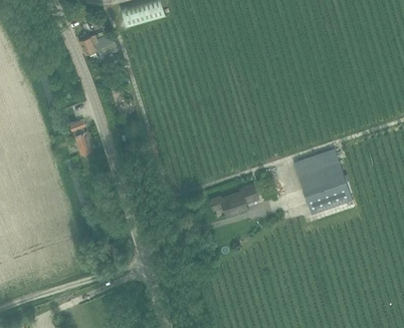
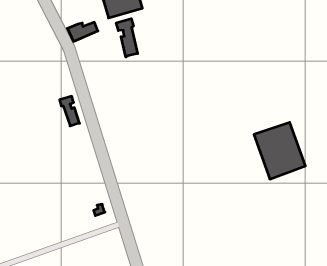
building: none -> [116,19,138,57]
building: [209,186,257,216] -> none

